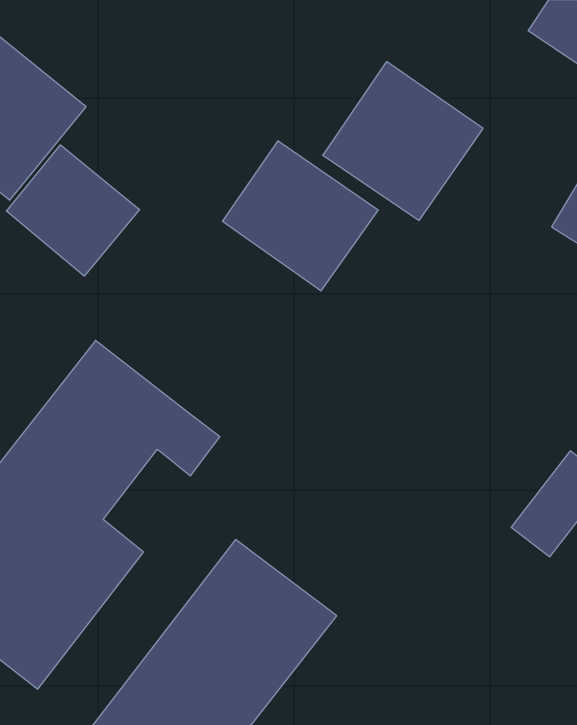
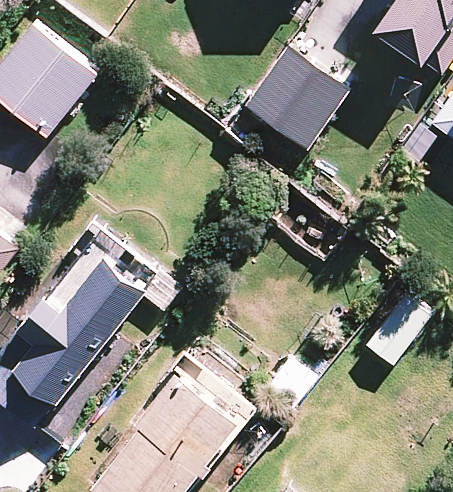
building: [223,141,378,291] -> none
building: [6,145,140,276] -> none

